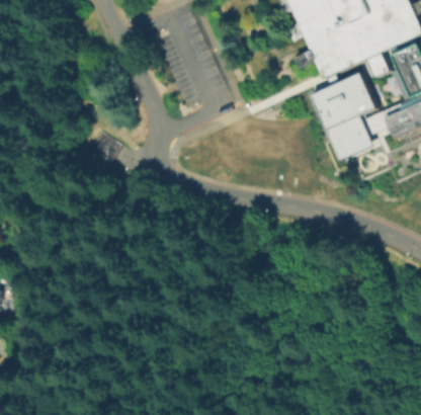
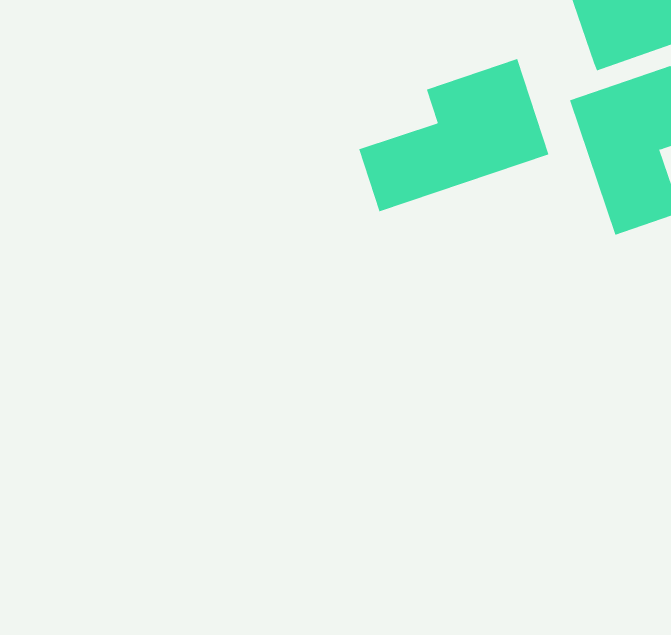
building: none -> [358,58,549,212]

